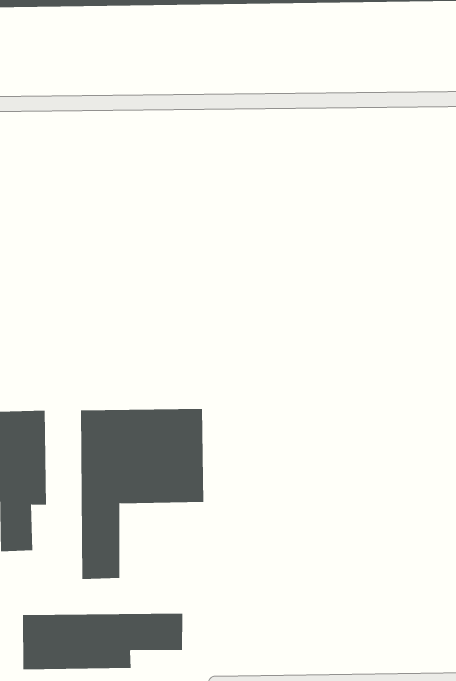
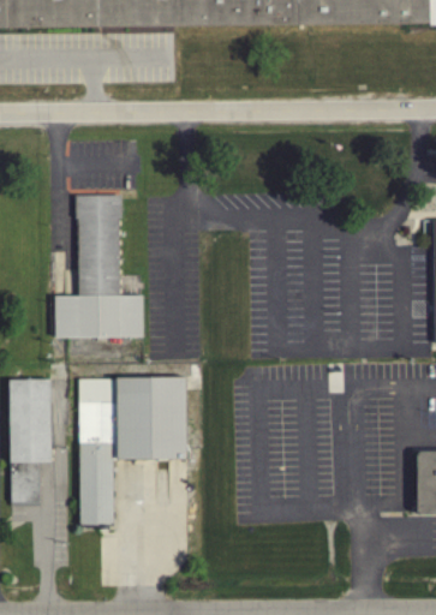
building: none -> [53,199,142,342]
building: [23,613,183,670] -> none

